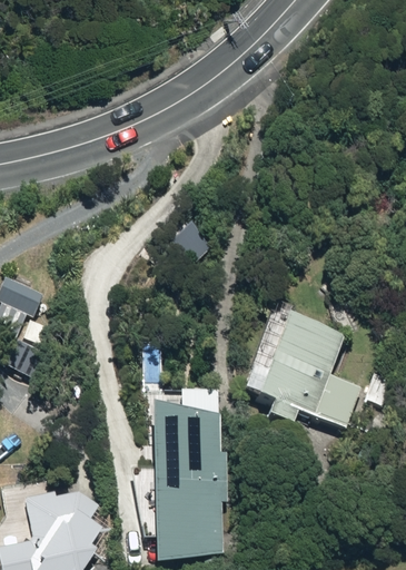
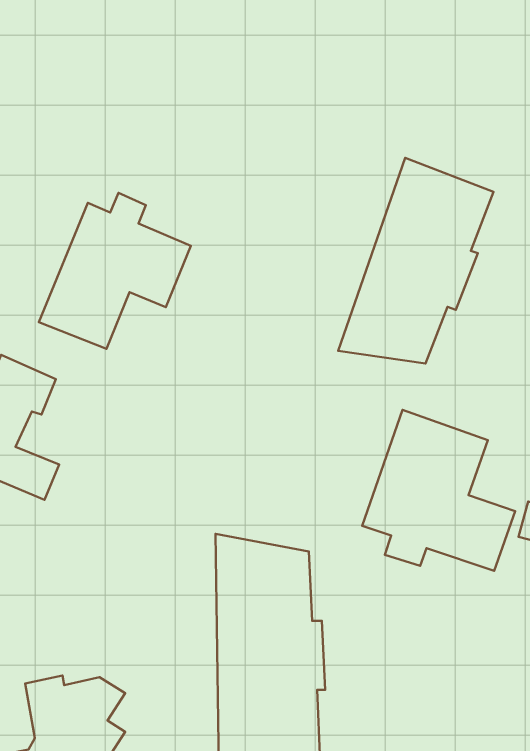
building: none -> [338,158,493,364]
building: none -> [39,193,191,349]

